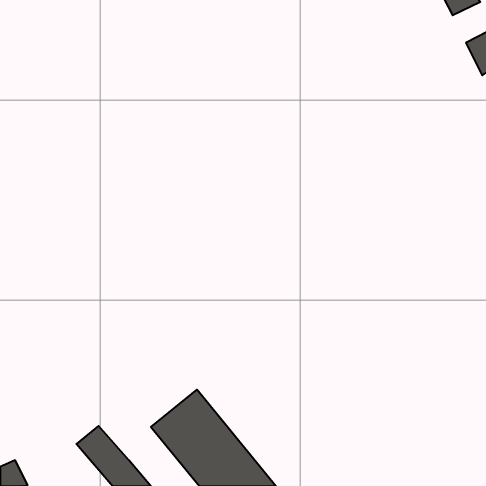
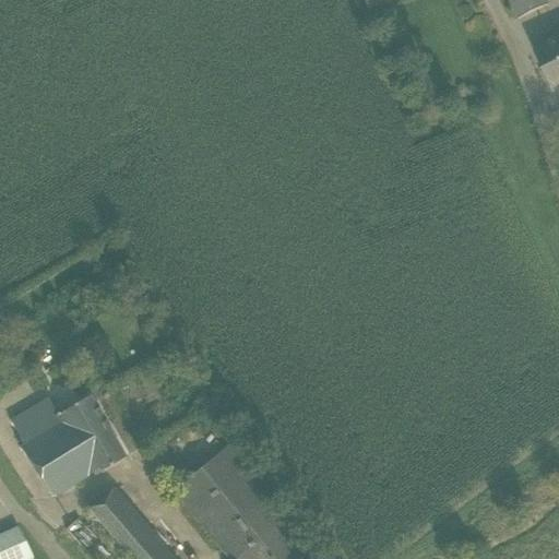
building: none -> [12,394,127,495]

